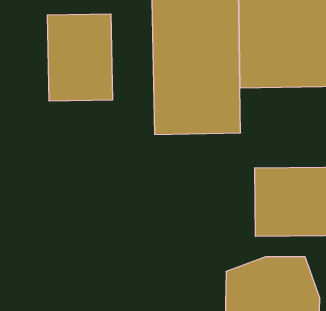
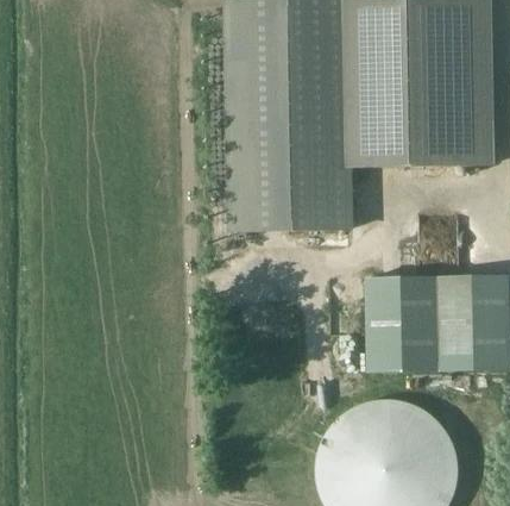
building: [47,14,112,101] -> none

